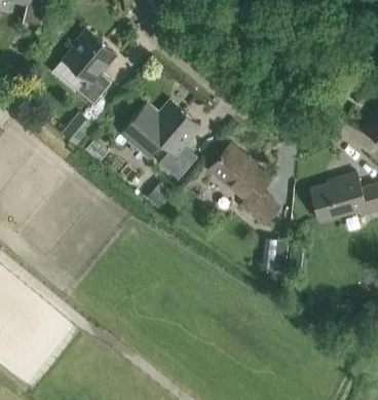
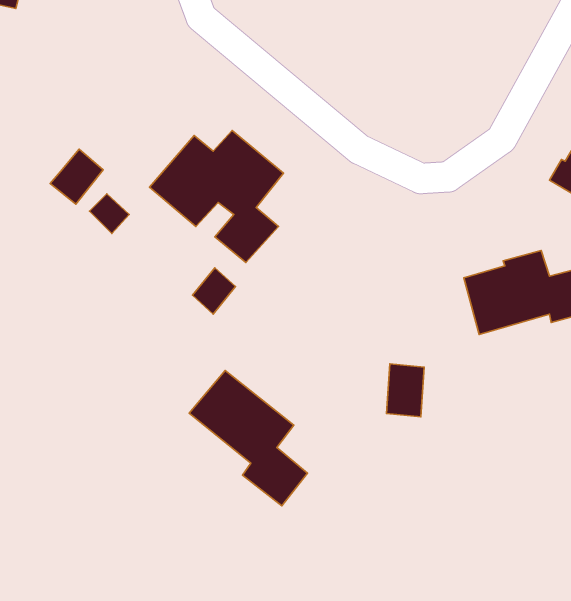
building: [64,29,117,104] -> none
building: [207,144,278,225] -> [189,370,308,506]

